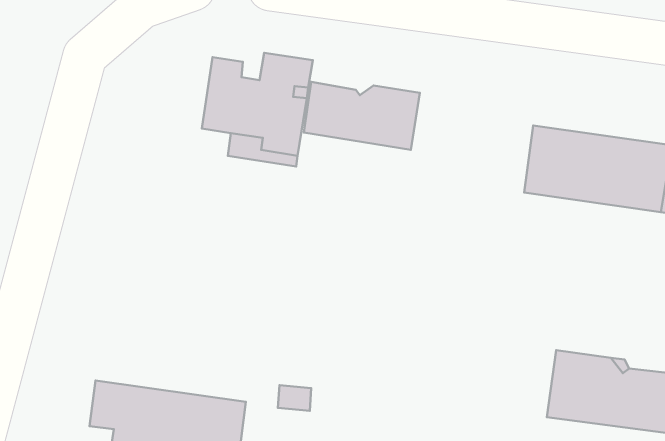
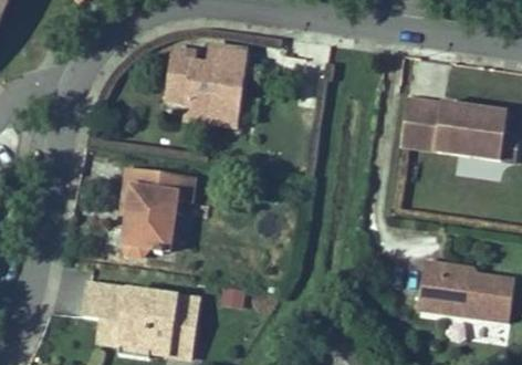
building: [304,82,420,150] -> none
building: none -> [122,167,180,257]

